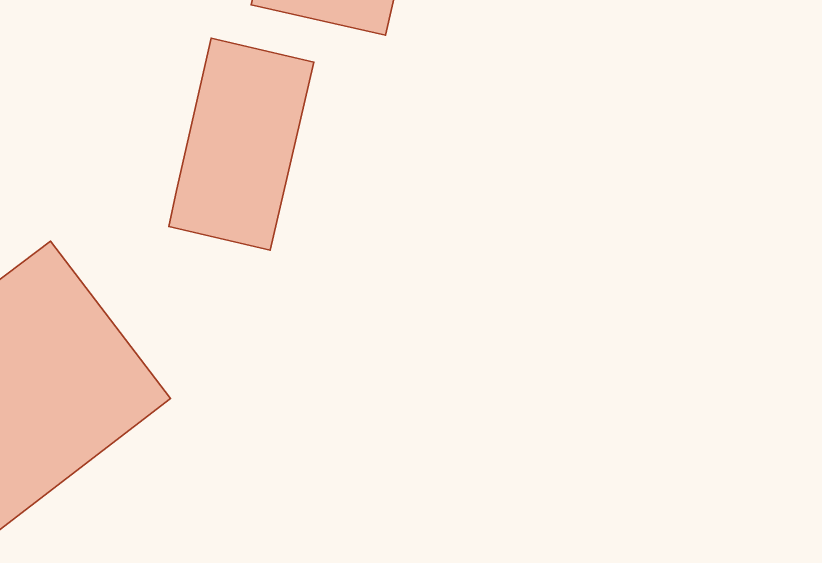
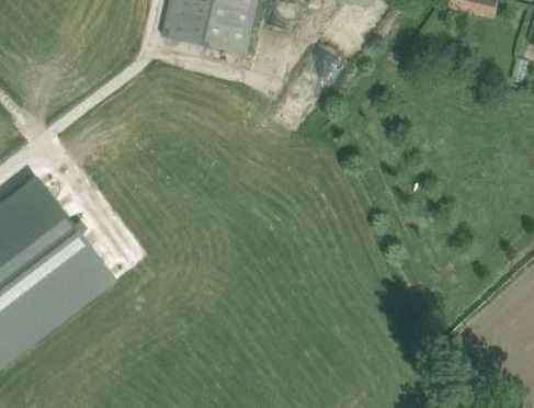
building: [169,38,314,250] -> none

